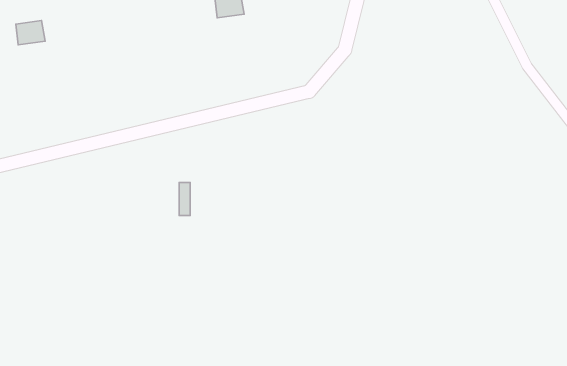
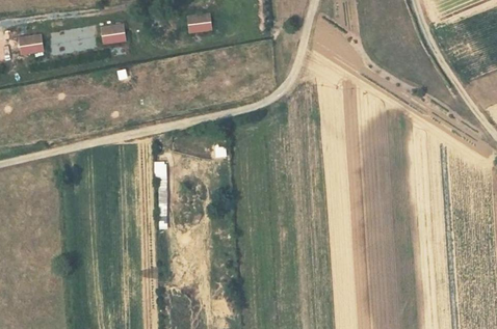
building: none -> [101,23,126,44]

